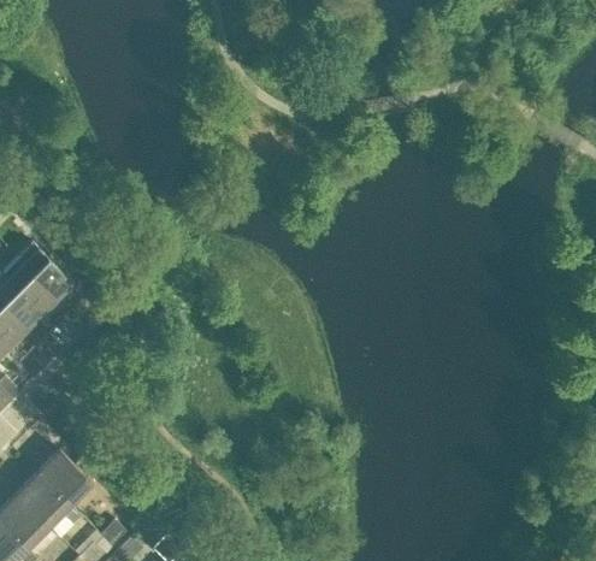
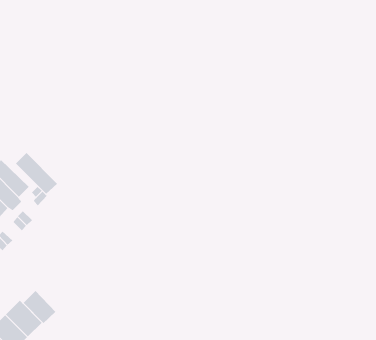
building: none -> [15,152,58,195]
building: none -> [23,290,56,324]

